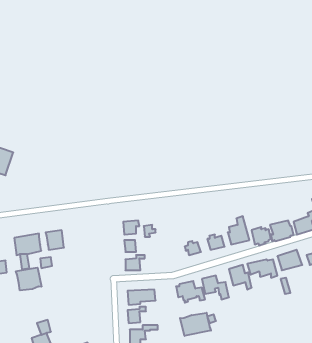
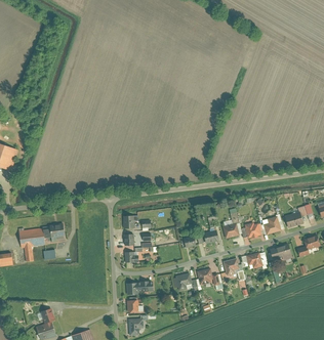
building: [16,268,41,290] -> none
building: [180,313,211,336] -> none

